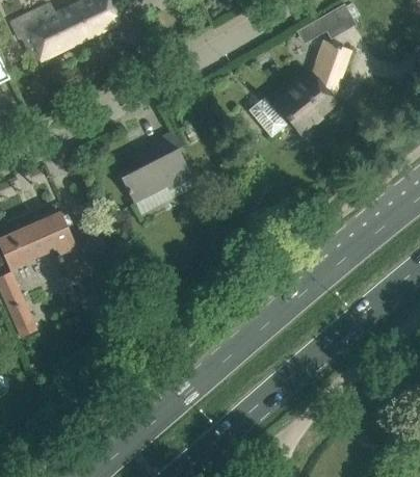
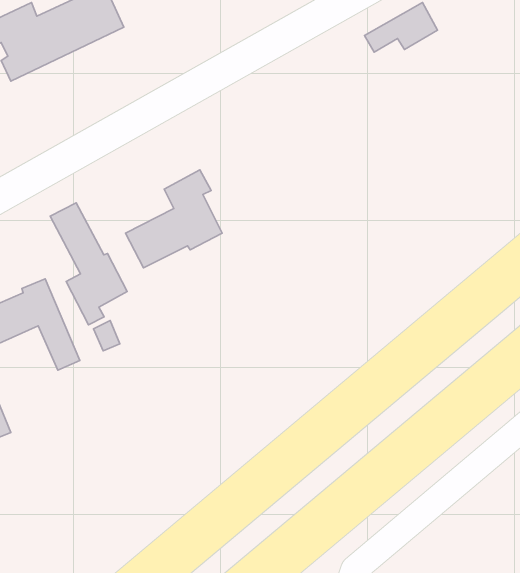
building: [250,39,348,134] -> none
building: none -> [50,203,127,325]

